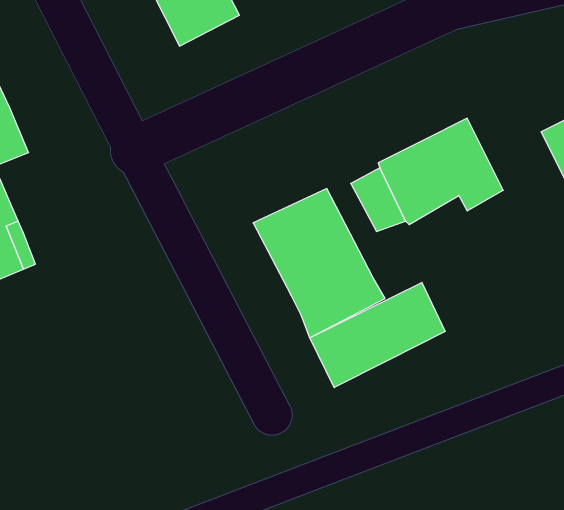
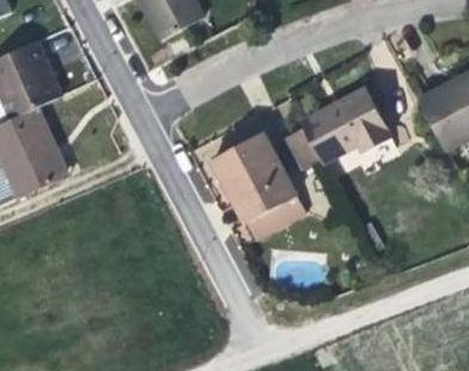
building: [310,282,445,388] -> none

